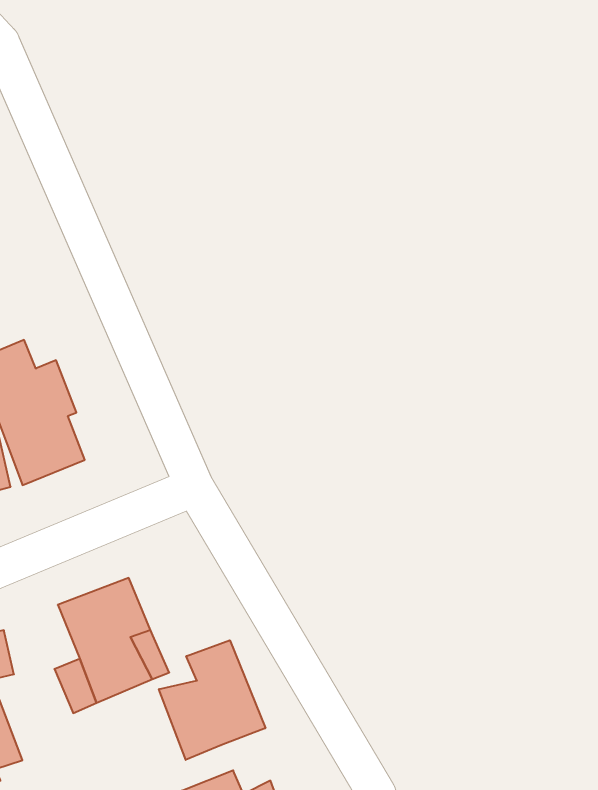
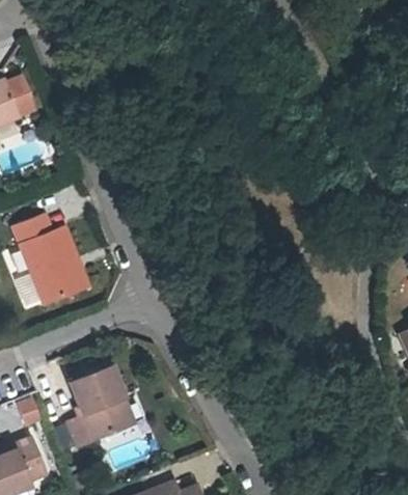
building: [159,640,265,760] -> none

